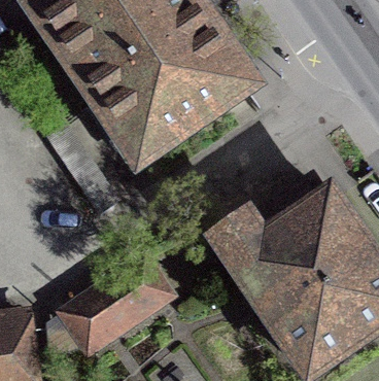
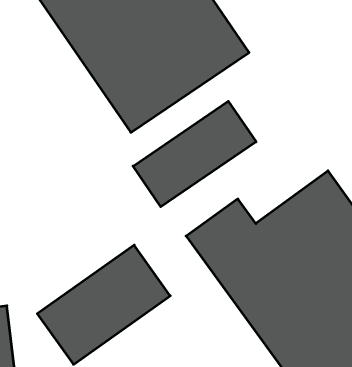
building: none -> [133,101,256,207]

